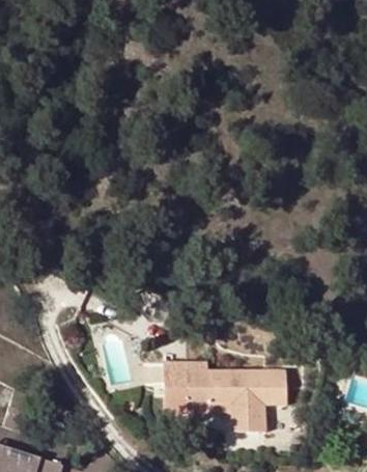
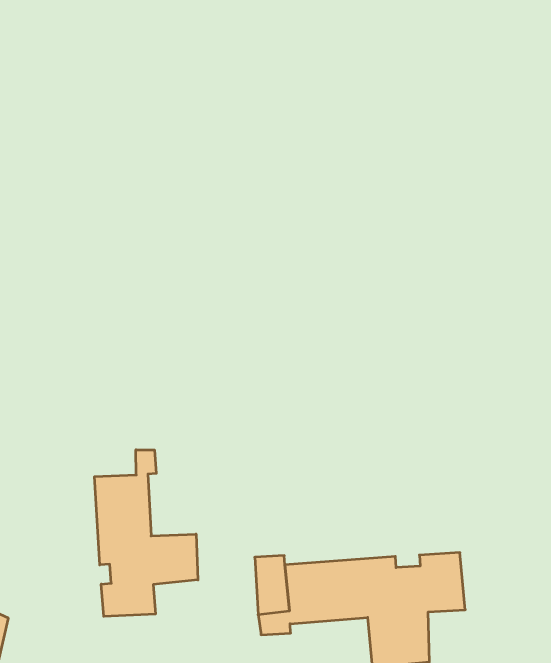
building: none -> [95,450,198,616]

